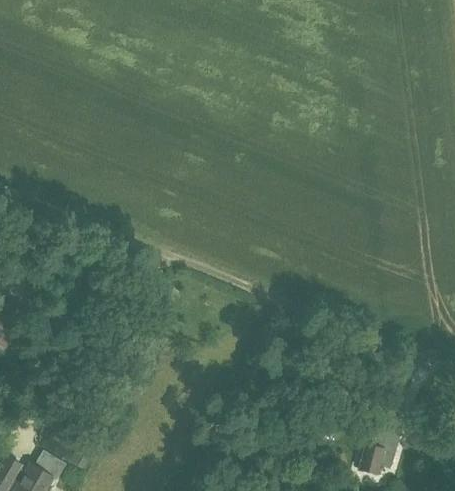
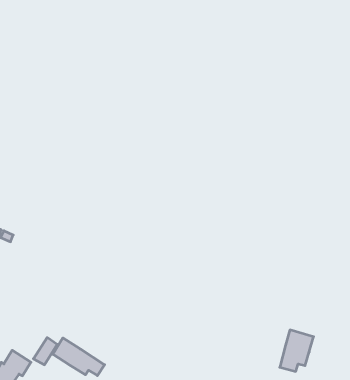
building: none -> [53,338,105,376]

